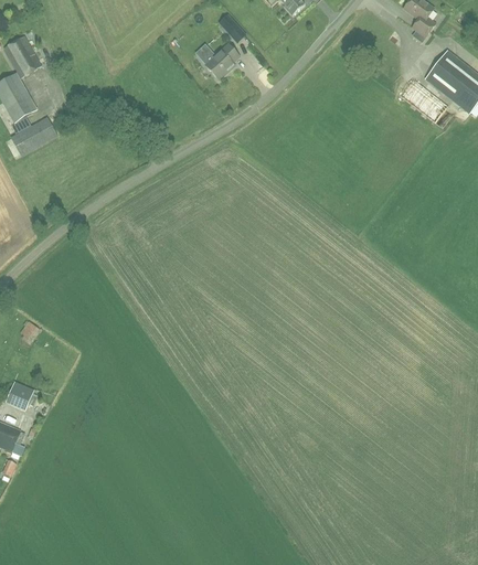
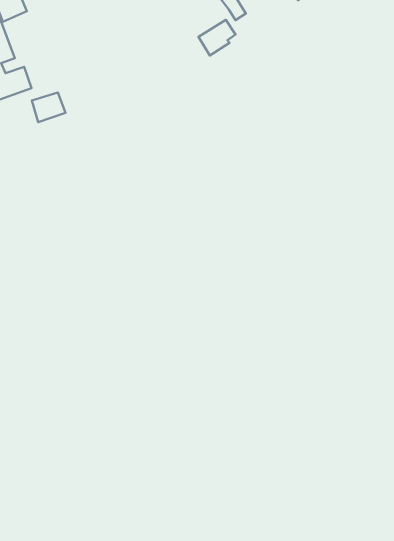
building: none -> [32,92,66,122]

